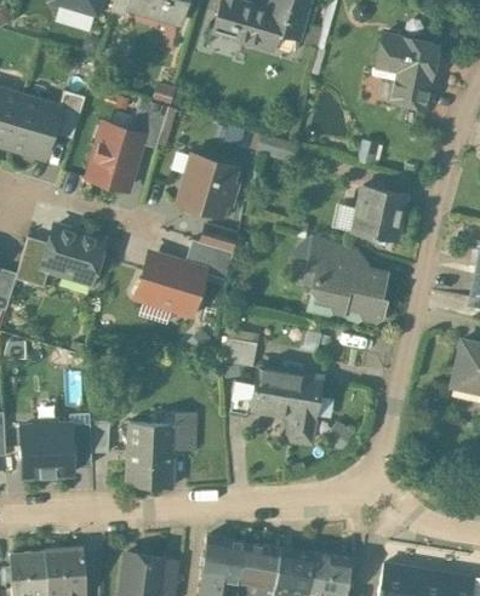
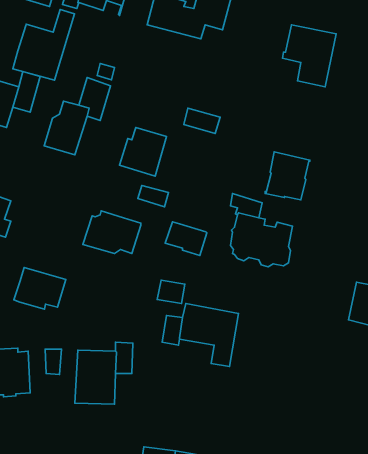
building: none -> [13,9,74,80]
building: [42,228,104,277] -> [14,267,66,309]
building: [184,240,234,280] -> [165,222,207,255]

